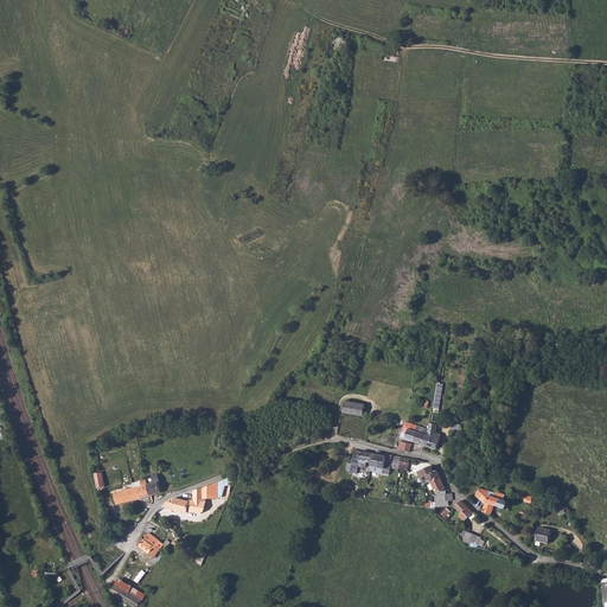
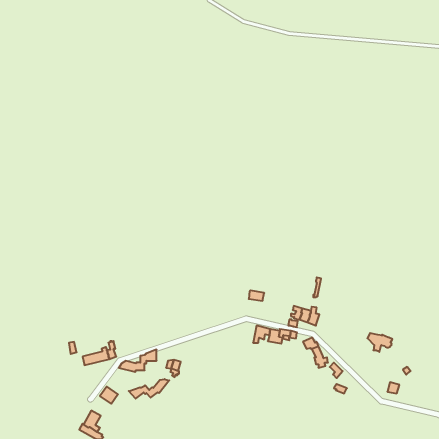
building: [474,488,509,515] -> [367,333,392,352]
building: none -> [129,379,169,399]

